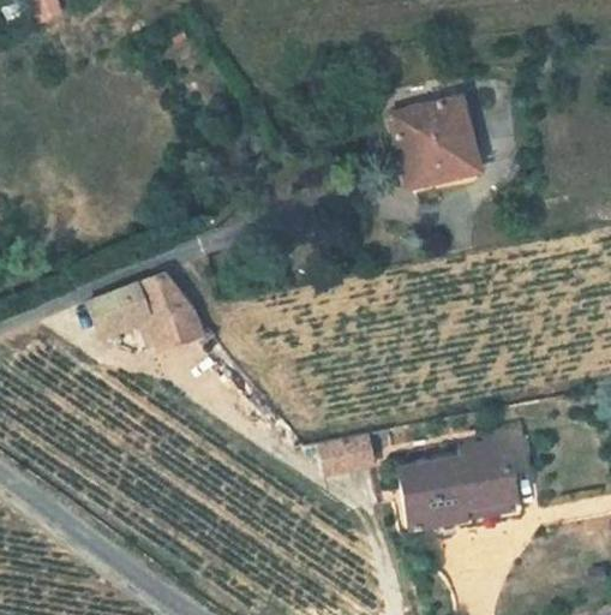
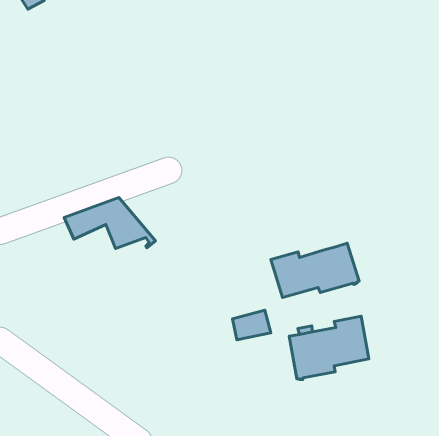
building: [394,97,467,181] -> none
building: none -> [271,243,359,297]

